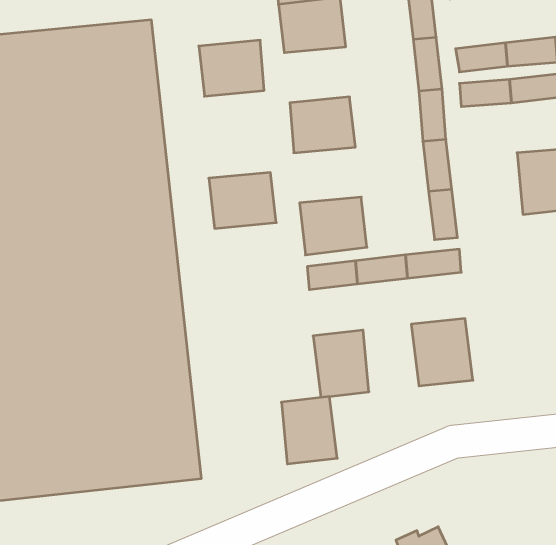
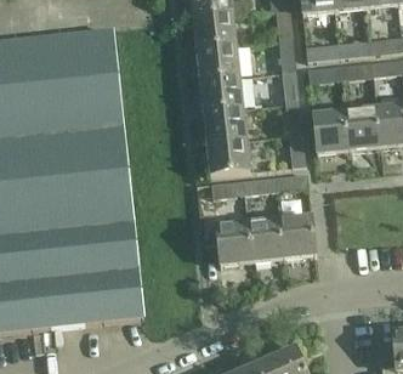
building: [199,40,264,96] -> [197,44,238,79]
building: none -> [312,110,347,153]
building: [209,173,276,228] -> [203,107,245,142]
building: [281,397,337,464] -> [246,219,282,261]

